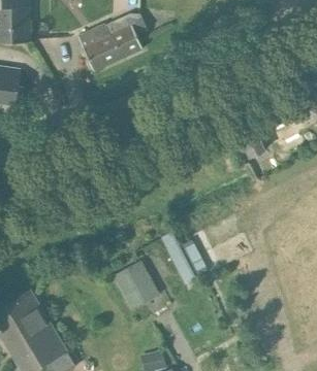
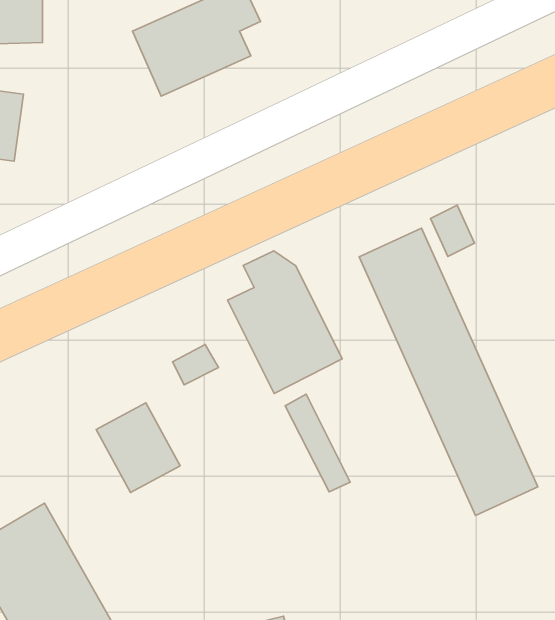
building: none -> [359,228,538,516]
building: none -> [228,251,342,393]
building: [114,262,159,310] -> [96,403,180,493]

